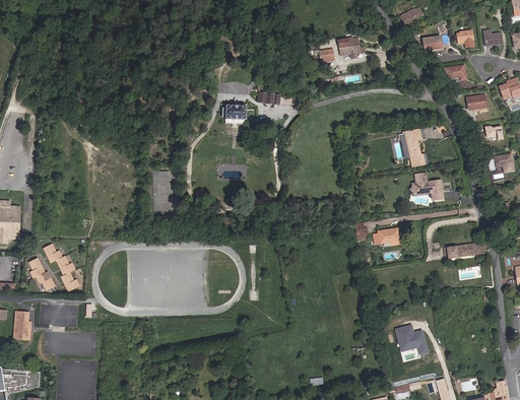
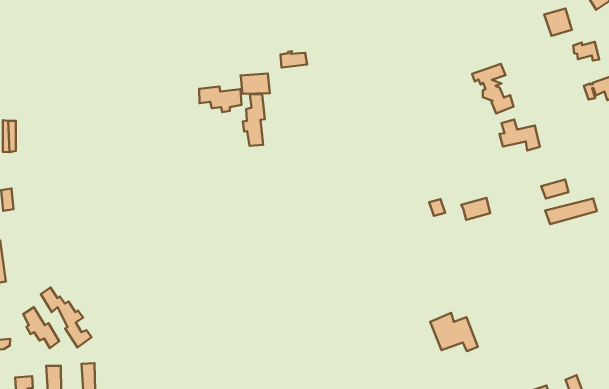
building: none -> [199,86,242,112]
building: none -> [243,94,265,146]
building: [395,324,429,355] -> [430,313,478,351]

